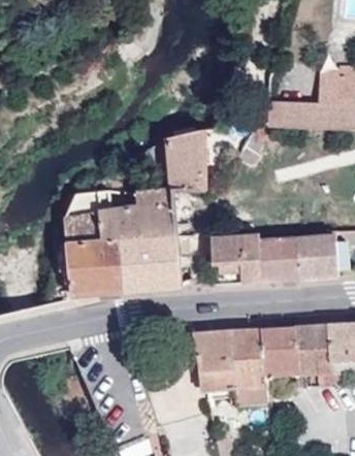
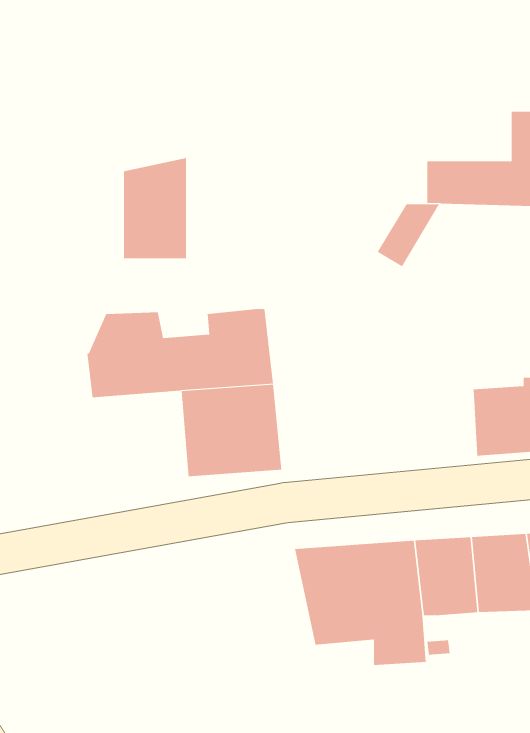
building: [168,130,206,191] -> [123,157,187,259]
building: [213,235,299,285] -> none
building: [68,240,126,297] -> none

